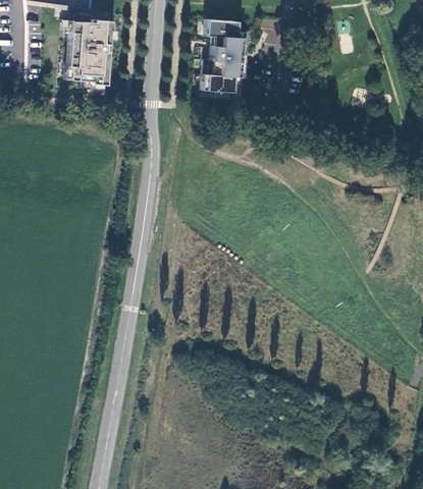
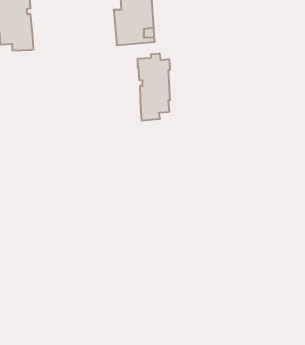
building: none -> [138,53,170,121]

